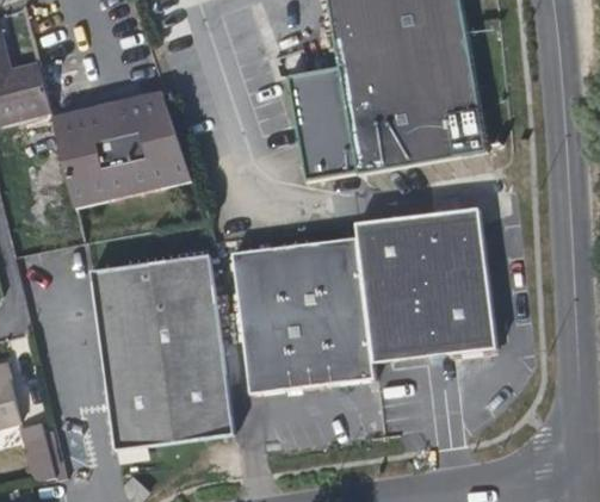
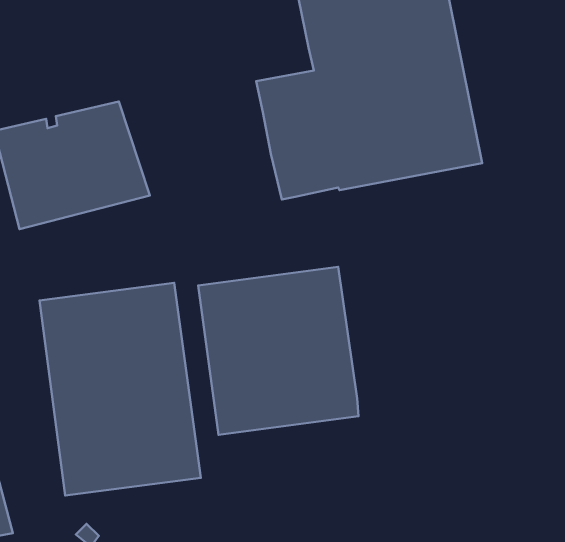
building: [354,205,493,358] -> none

